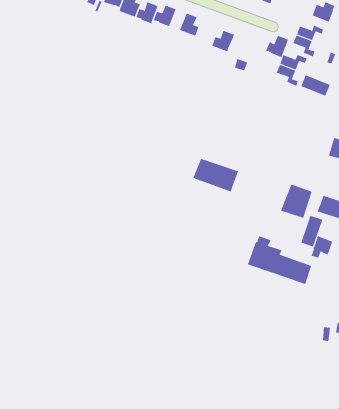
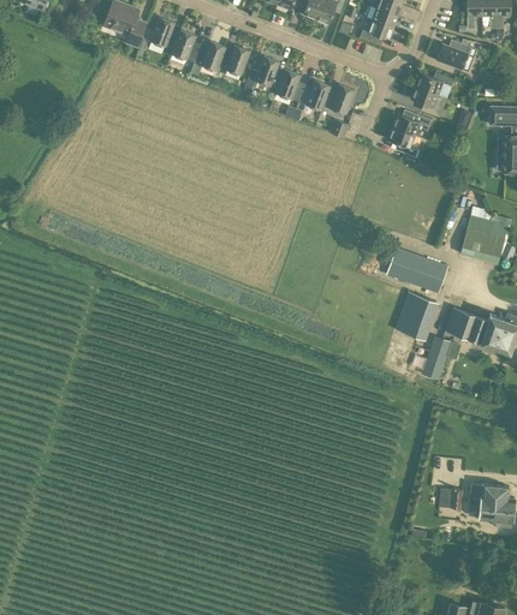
building: none -> [275,68,303,101]
building: [265,35,289,58] -> [322,83,355,114]
building: [301,75,330,97] -> none
building: [193,158,239,192] -> [385,246,448,293]
building: [311,235,333,259] -> none
building: [247,236,312,285] -> none

